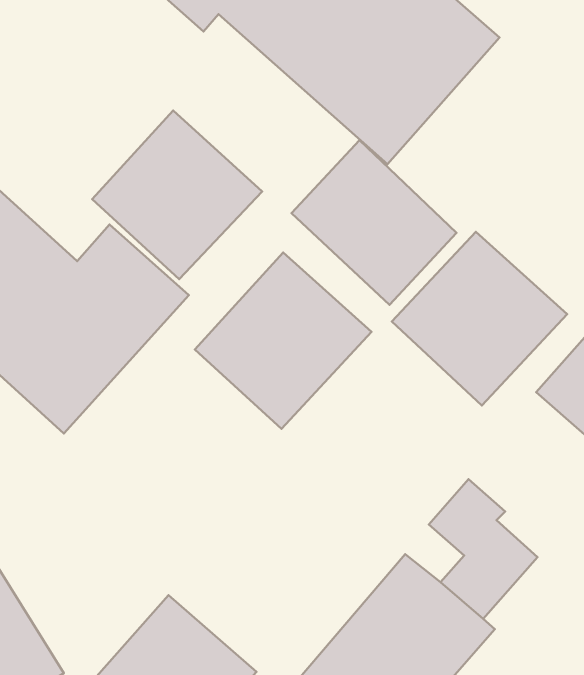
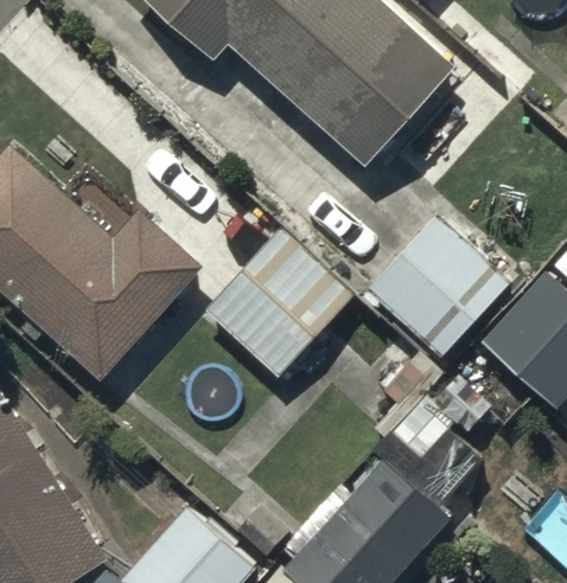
building: [92,110,262,279] -> none
building: [292,140,456,305] -> none

